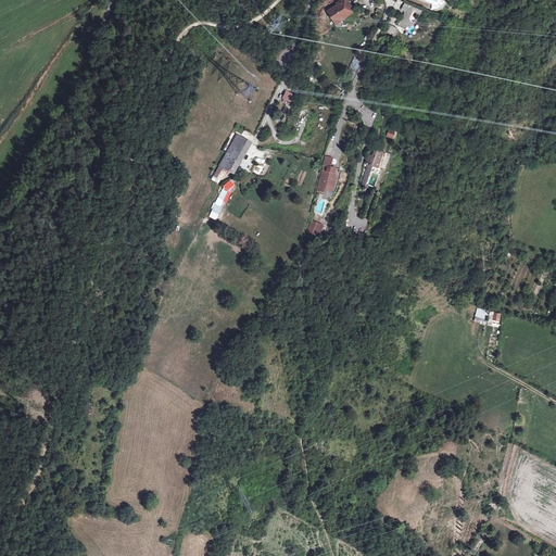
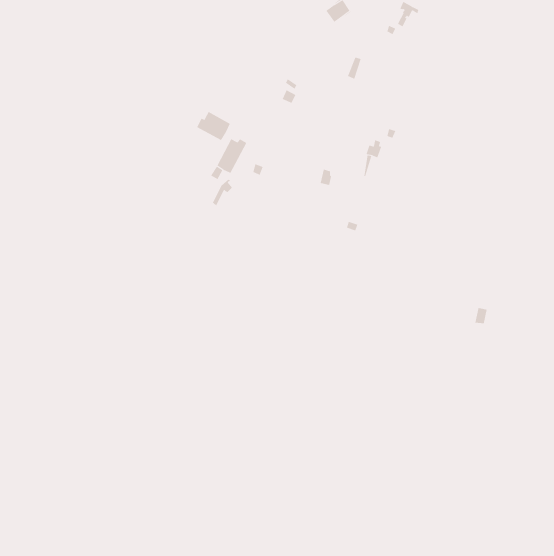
building: none -> [196,111,230,141]

